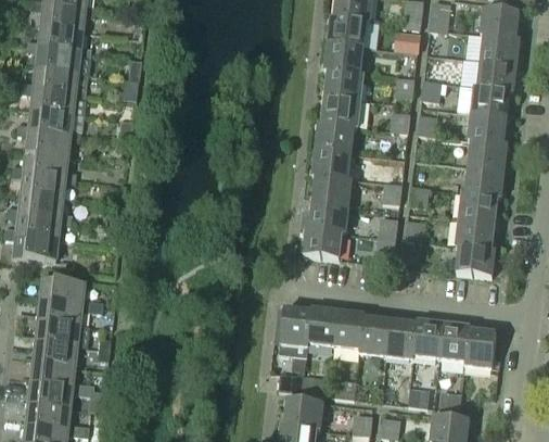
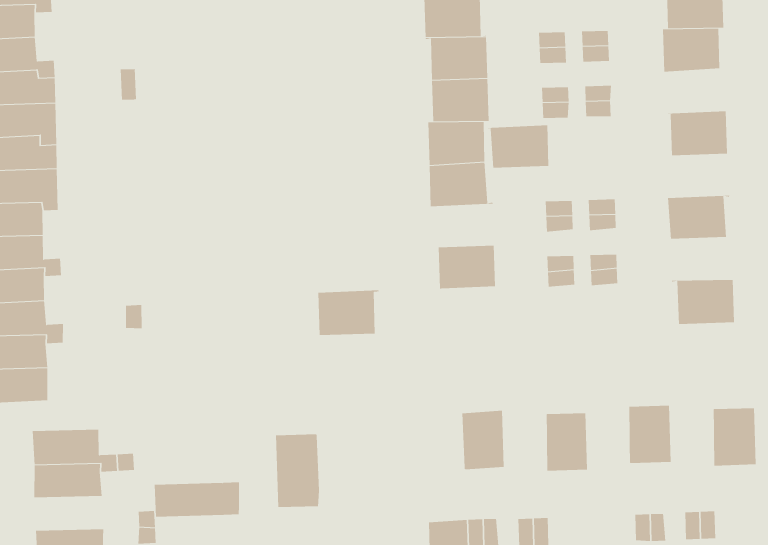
building: [468,114,507,144] -> none
building: [461,167,503,198] -> none
building: [311,176,352,206] -> [485,125,549,168]
building: [456,219,495,251] -> none
building: [303,228,345,260] -> [317,290,379,336]
building: [279,308,311,357] -> [275,429,320,508]
building: [333,311,365,353] -> none
building: [33,320,89,348] -> [154,482,240,517]
building: [385,320,417,359] -> none
building: [438,324,470,366] -> none

